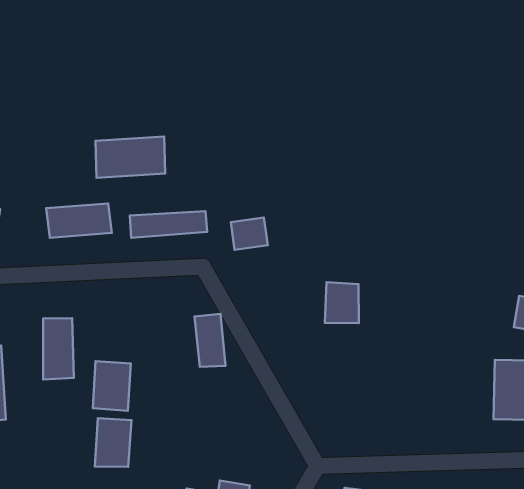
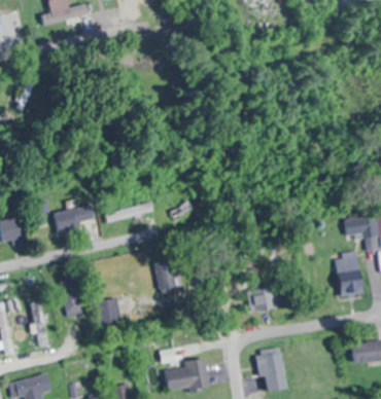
building: [95,137,165,178] -> none
building: [325,282,359,323] -> [246,286,270,313]
building: [95,418,131,467] -> none

